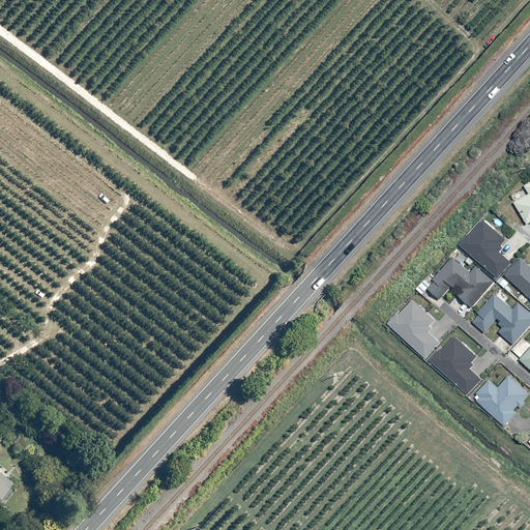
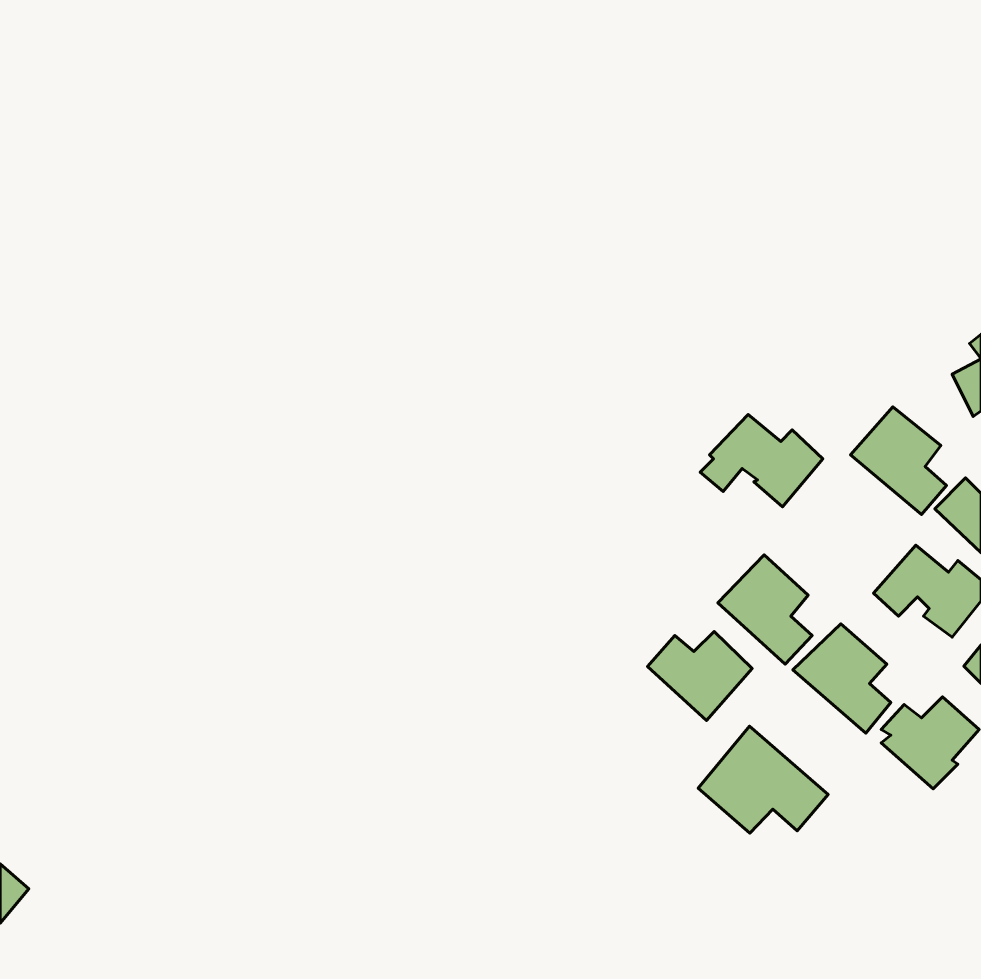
building: [426,258,493,307] -> [700,415,823,507]
building: none -> [647,632,752,720]
building: none -> [698,726,828,833]

